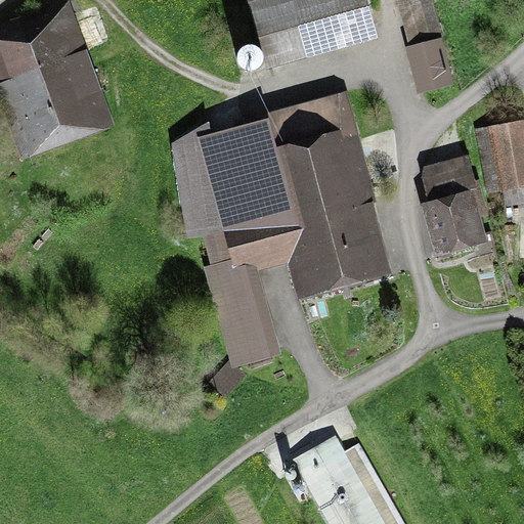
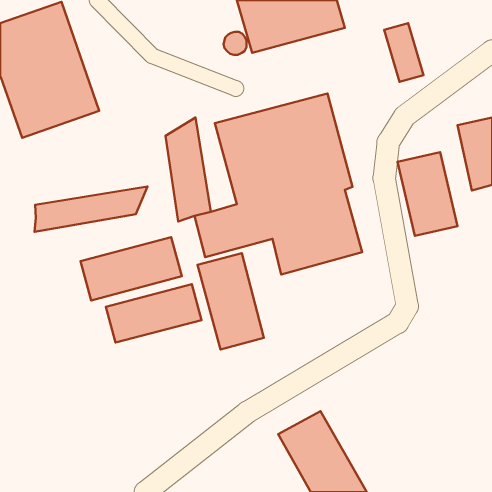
building: none -> [34,186,147,232]
building: none -> [81,237,182,300]
building: none -> [106,284,201,343]

